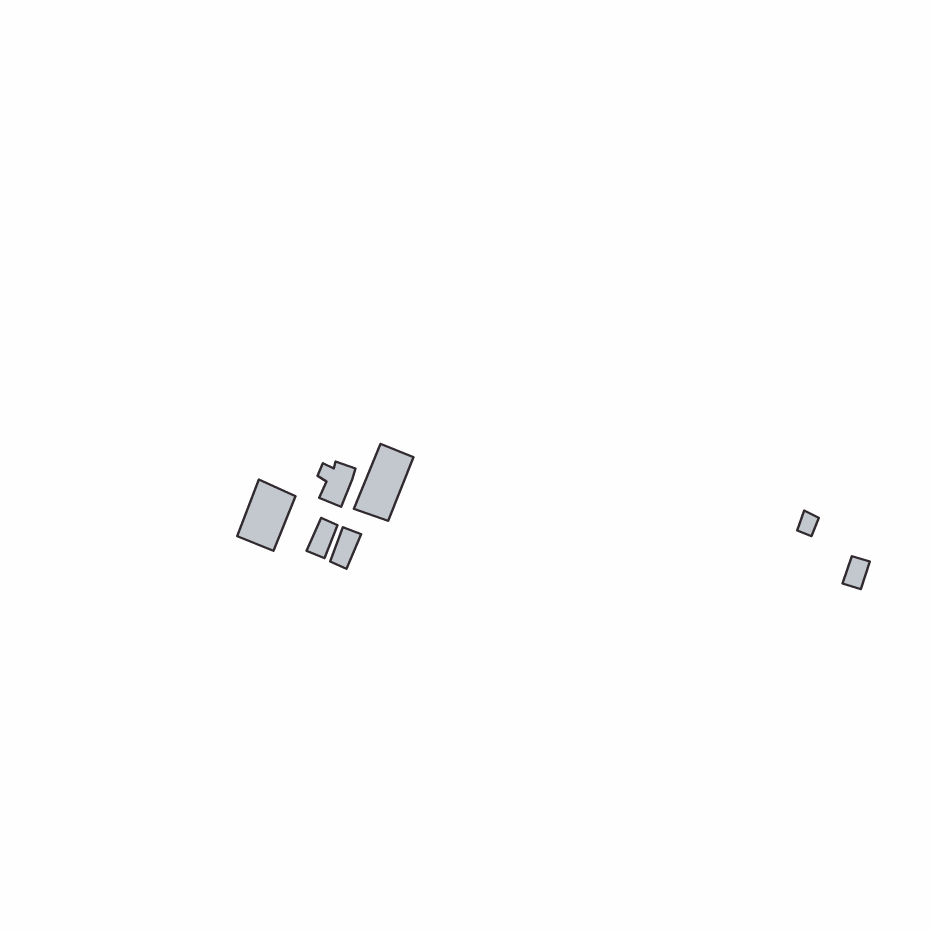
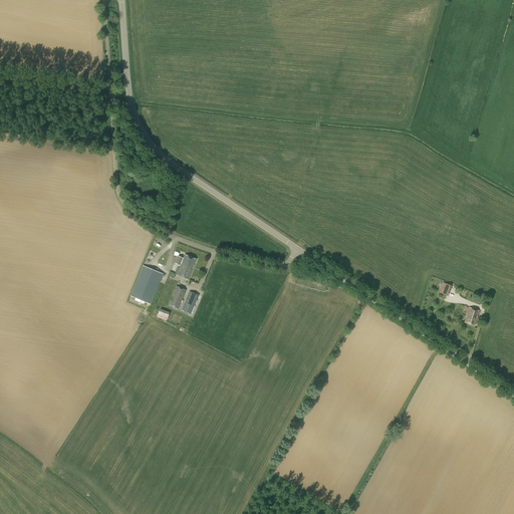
building: [354,444,414,521] -> none

